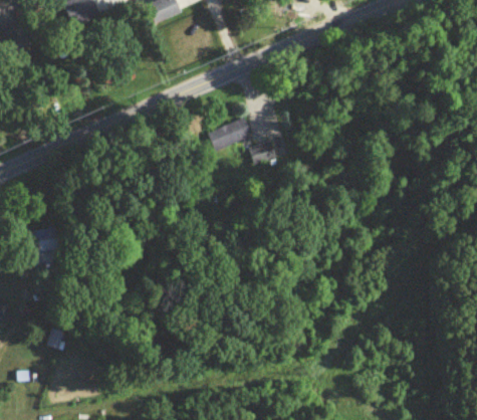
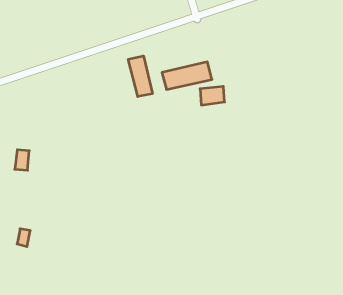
building: none -> [128,56,152,97]

